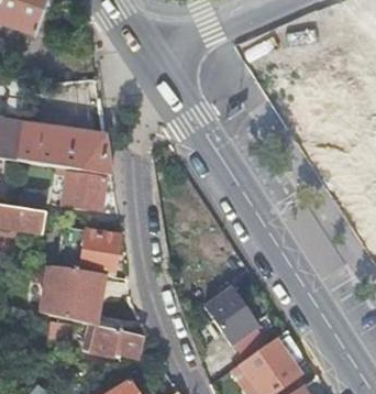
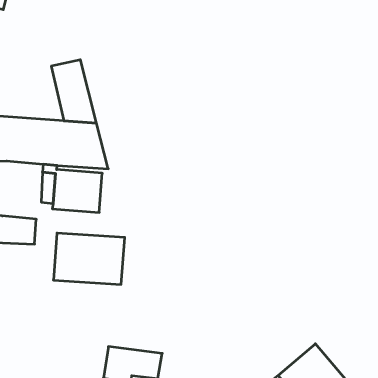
building: [41,266,104,324] -> none
building: [206,286,267,357] -> none

